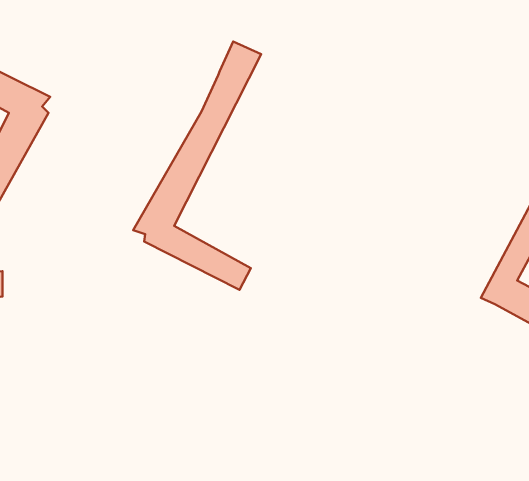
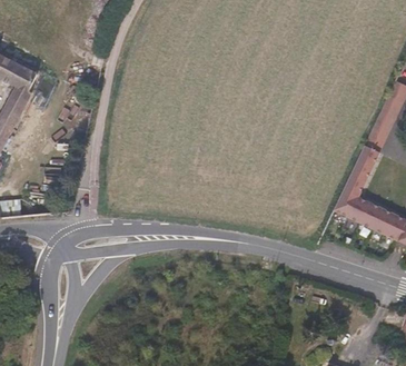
building: [133,41,261,290] -> none

